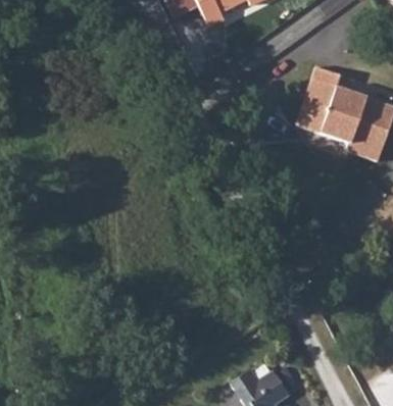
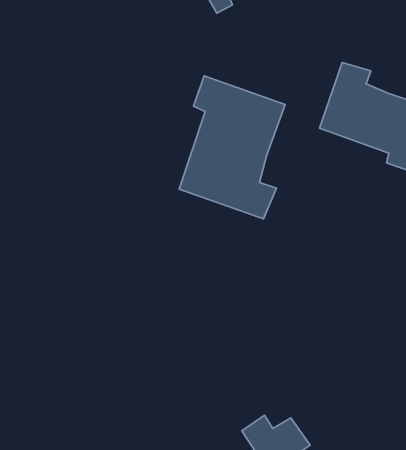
building: none -> [179,76,285,219]

